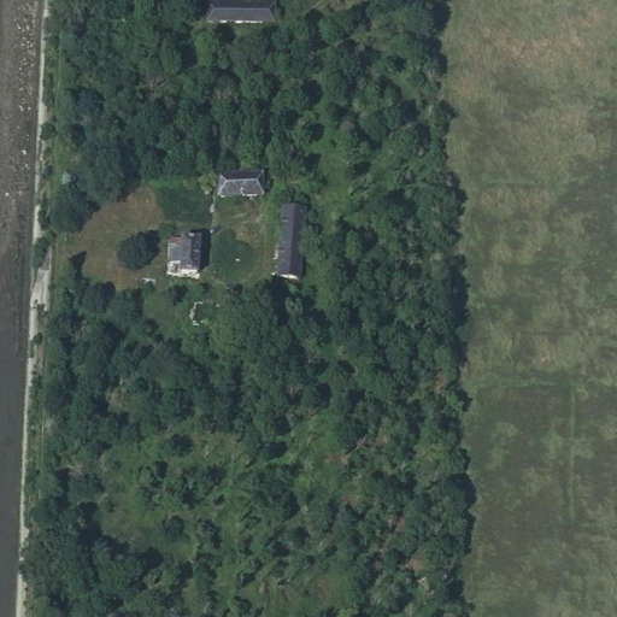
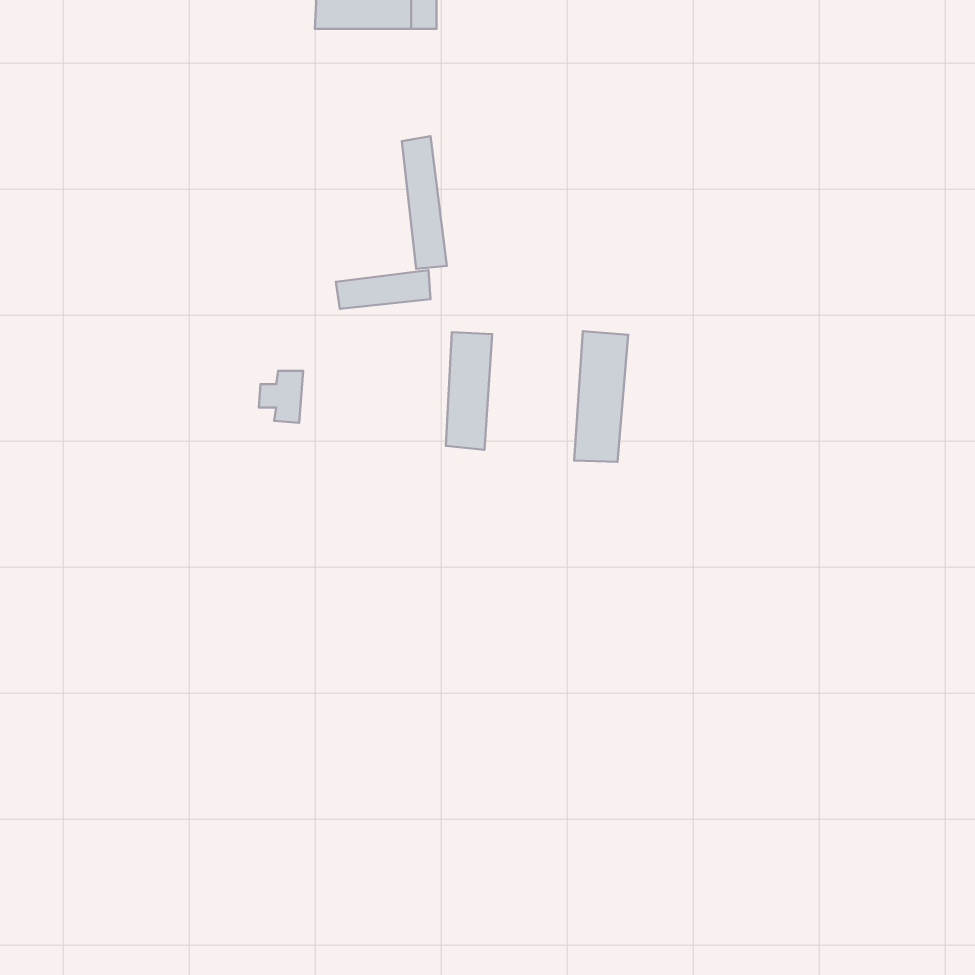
building: none -> [402,136,447,269]
building: none -> [574,331,628,462]

